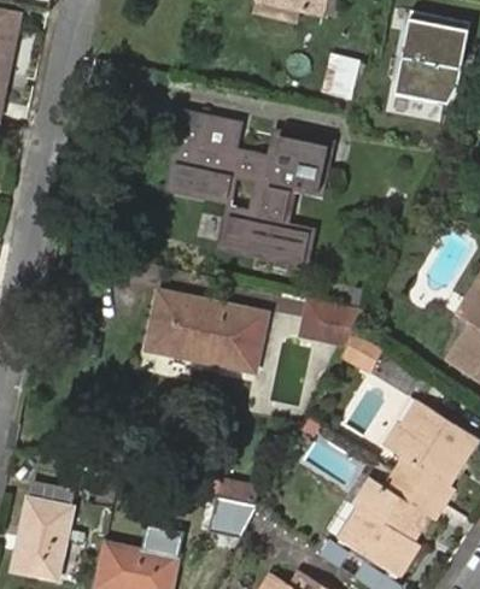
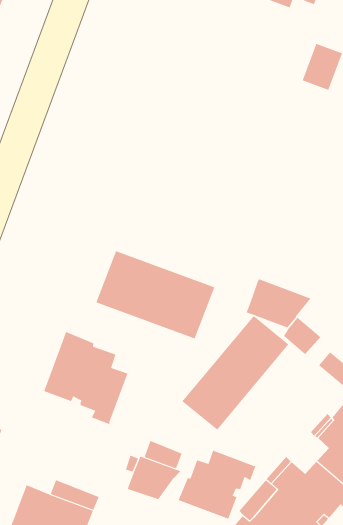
building: [171,119,329,263] -> none
building: none -> [181,315,289,430]
building: none -> [44,331,128,425]
building: none -> [178,450,256,519]

